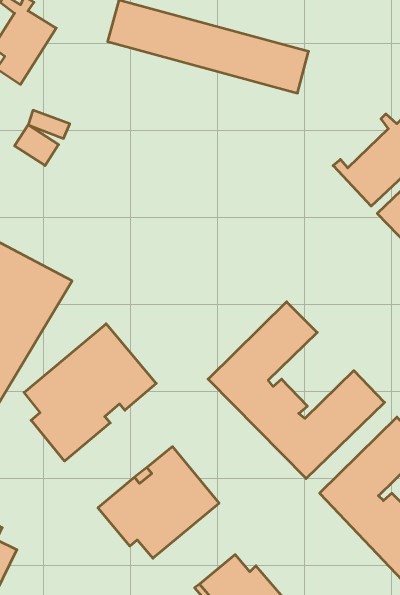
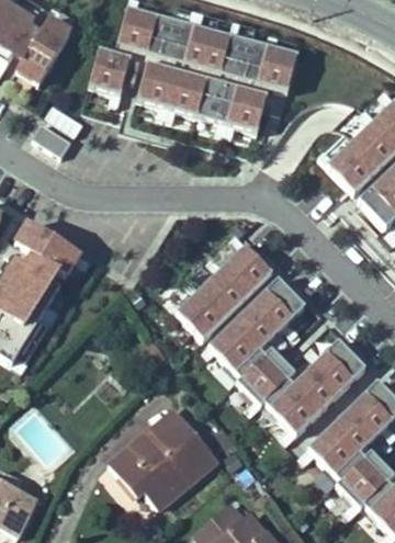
building: none -> [89,47,267,131]
building: none -> [177,245,273,338]
building: [24,324,156,461] -> none

